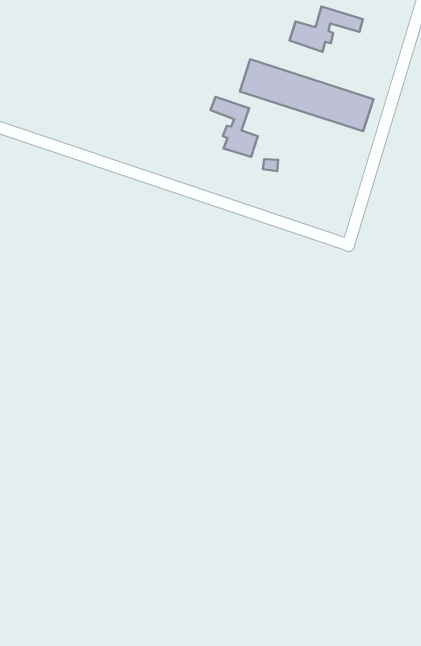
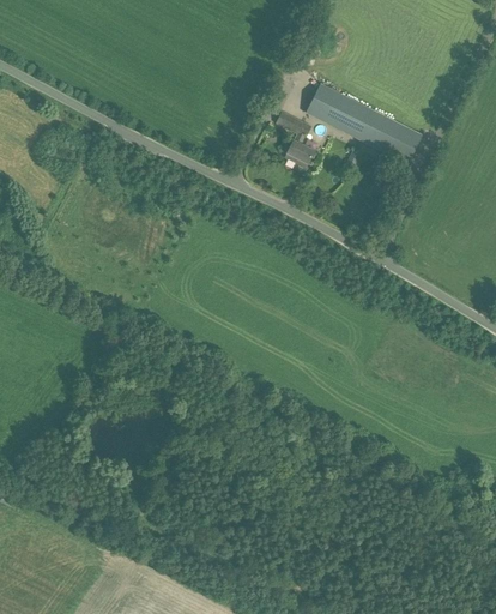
building: [290,6,363,52] -> none

